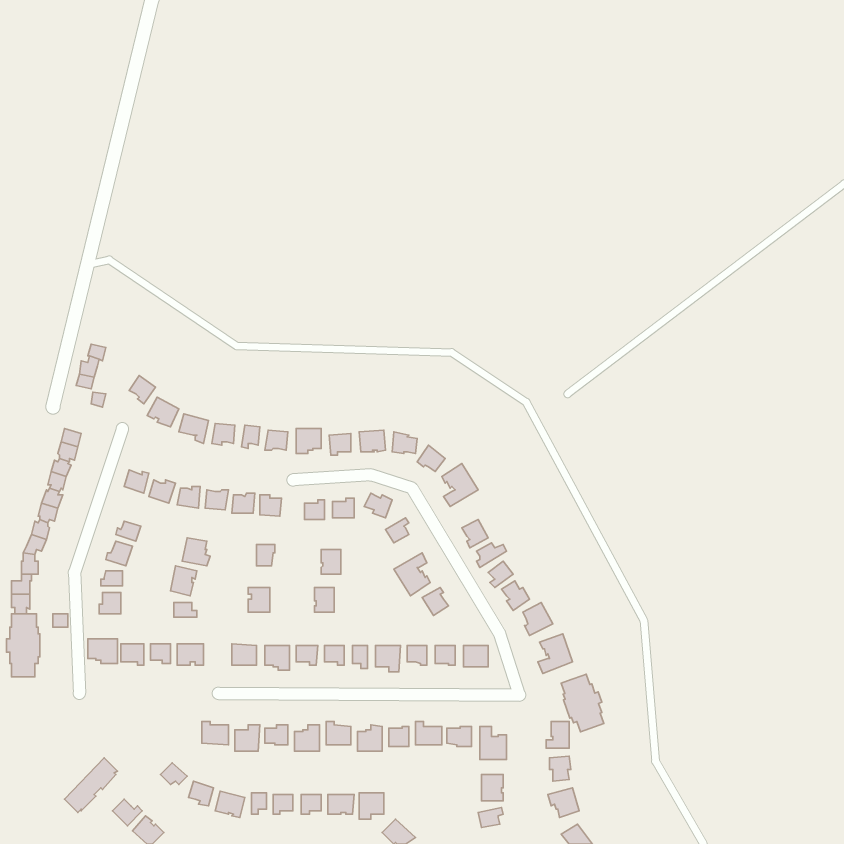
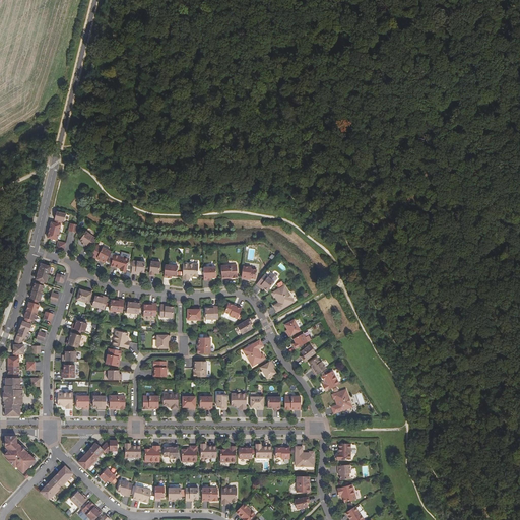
building: [561,674,604,732] -> none
building: none -> [6,436,37,472]
building: none -> [77,440,117,469]

